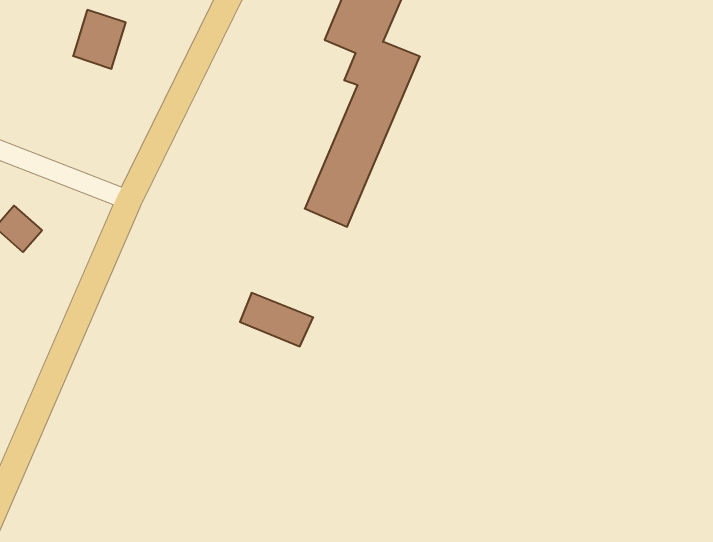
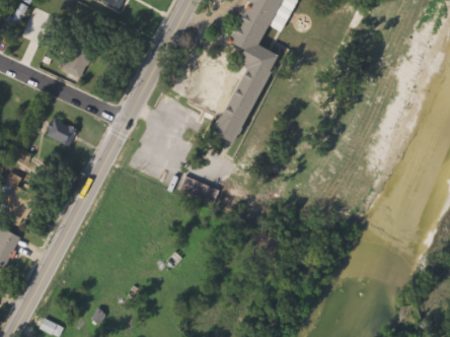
building: [73,10,126,69] -> [58,46,87,78]

